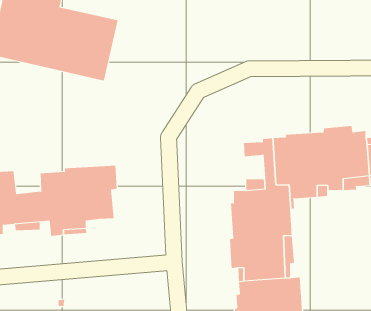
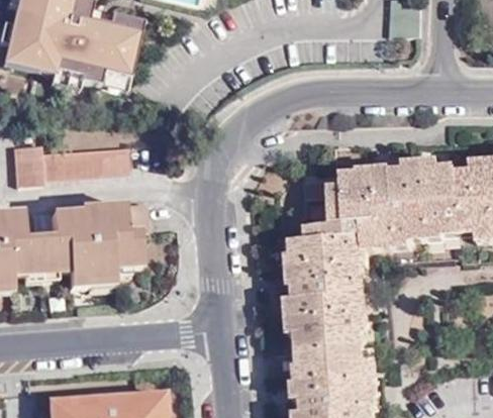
building: none -> [16,144,129,185]

